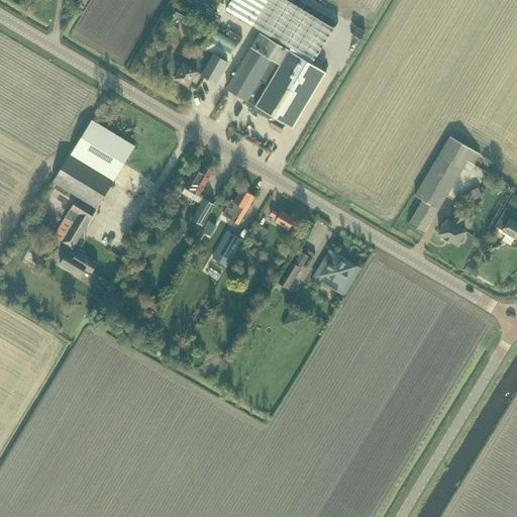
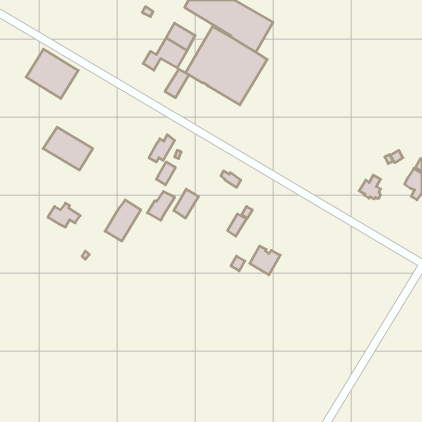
building: none -> [165,69,189,98]
building: [71,120,134,181] -> [26,49,78,99]
building: [408,136,480,233] -> none
building: [222,189,255,224] -> [147,191,175,220]
building: [53,198,96,248] -> [105,200,141,241]
building: [319,254,356,290] -> [250,246,280,275]

